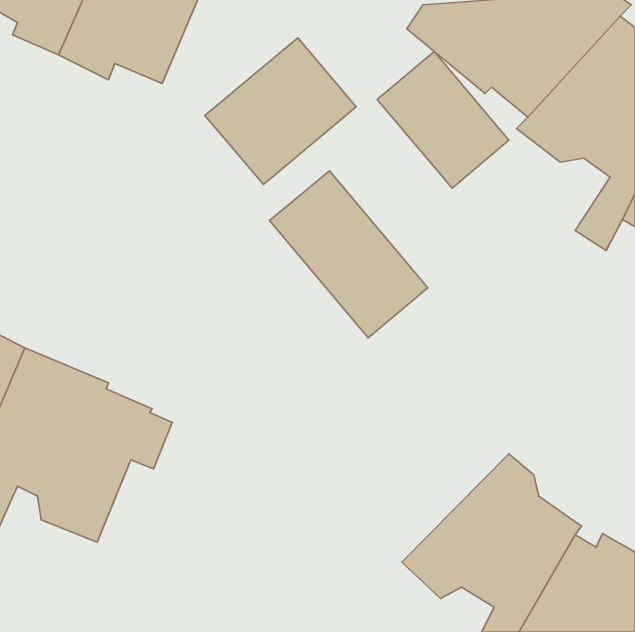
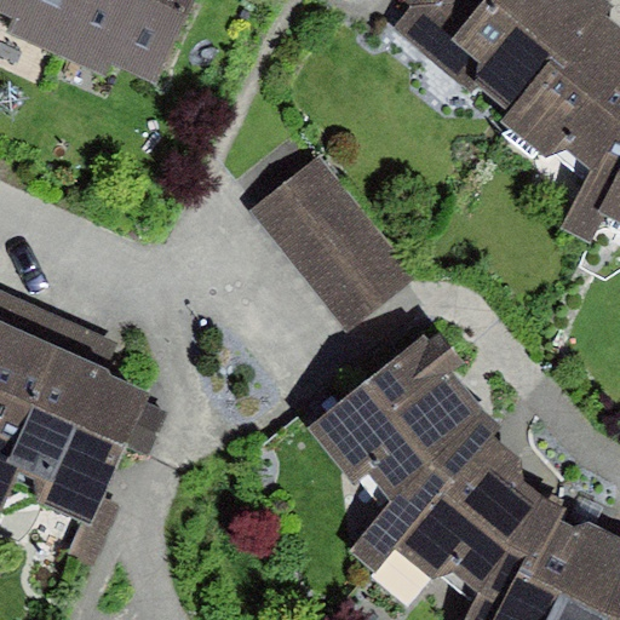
building: [205,38,356,185] -> none
building: [377,51,509,188] -> none
building: none -> [311,331,509,564]

